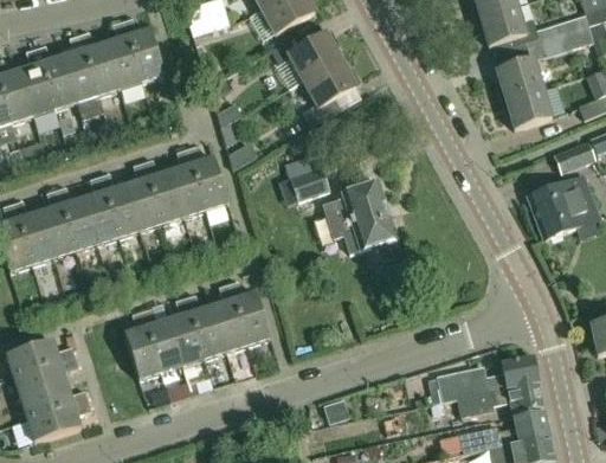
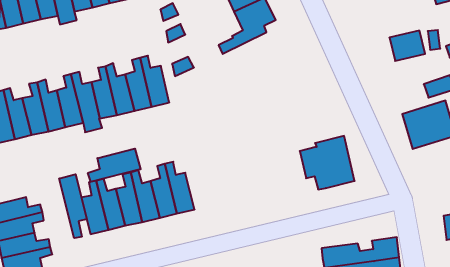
building: [496,58,543,98] -> none
building: [291,161,329,200] -> none
building: [323,181,397,252] -> [300,136,355,189]
building: none -> [88,149,141,182]
building: none -> [59,174,87,238]

